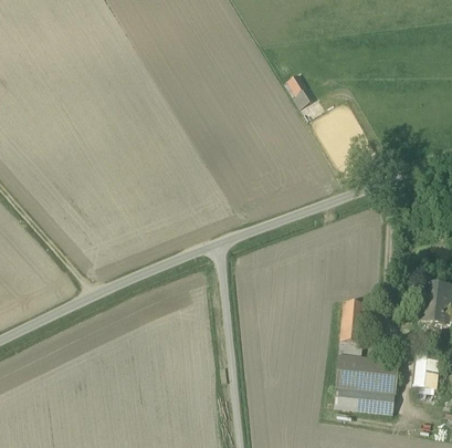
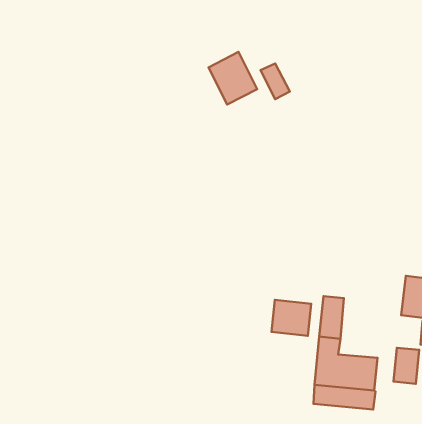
building: none -> [208,52,257,105]
building: none -> [272,300,311,336]

